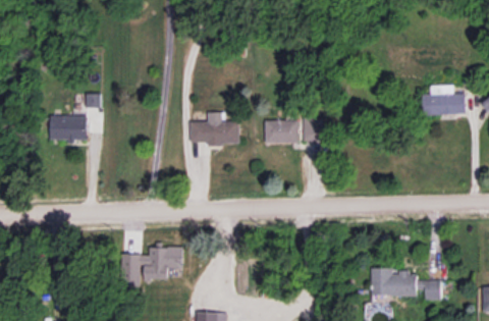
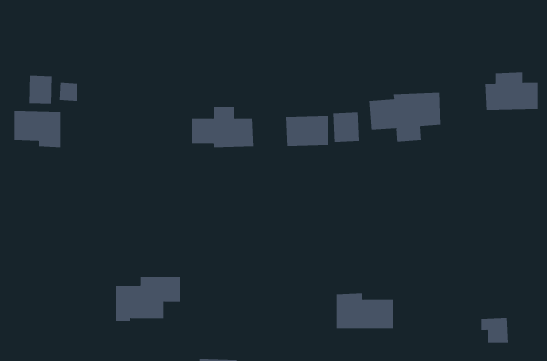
building: none -> [29,75,52,105]
building: none -> [369,92,441,142]
building: [371,267,417,296] -> [336,293,394,329]

